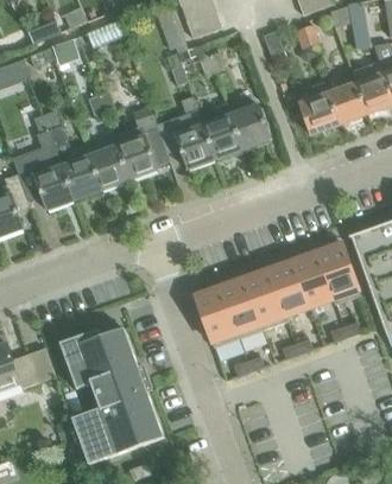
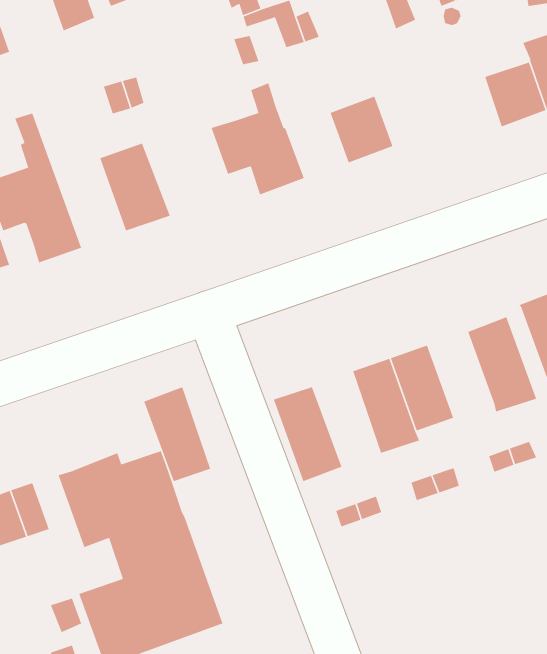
building: [299,82,339,134] -> none
building: [197,101,242,157] -> none
building: [113,108,170,180] -> none
building: [44,112,102,200] -> none
building: [292,253,334,307] -> none
building: [220,278,263,338] -> [143,386,211,482]

